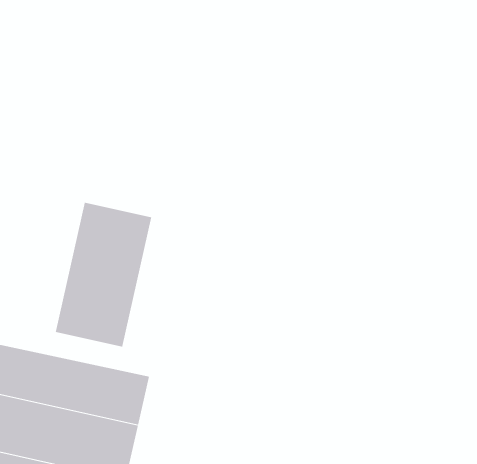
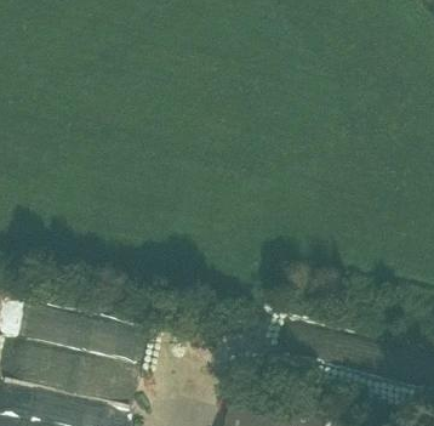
building: [55,202,152,347] -> none

